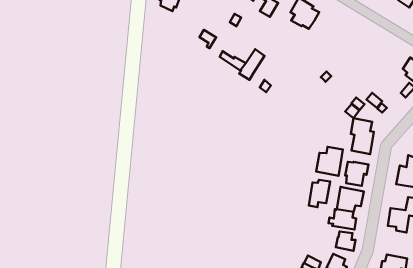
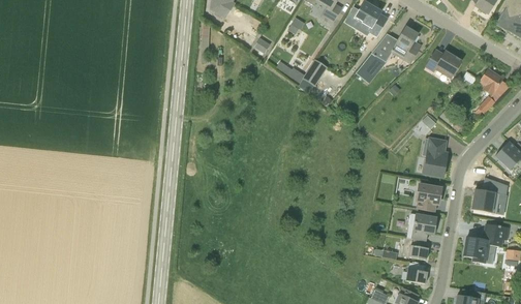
building: none -> [357,26,421,83]
building: none -> [426,50,462,79]
building: [316,147,343,176] -> none
building: [309,180,330,207] -> none

